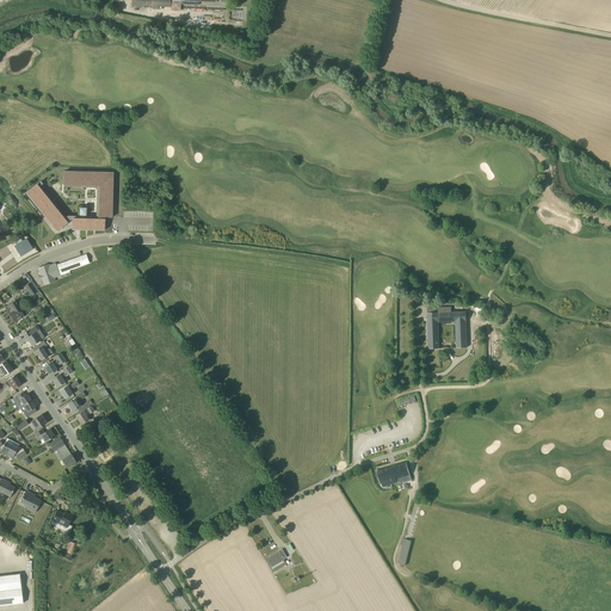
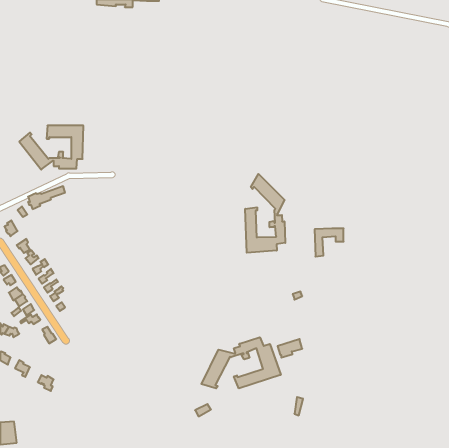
building: none -> [245,174,285,253]
building: none -> [201,337,281,388]

